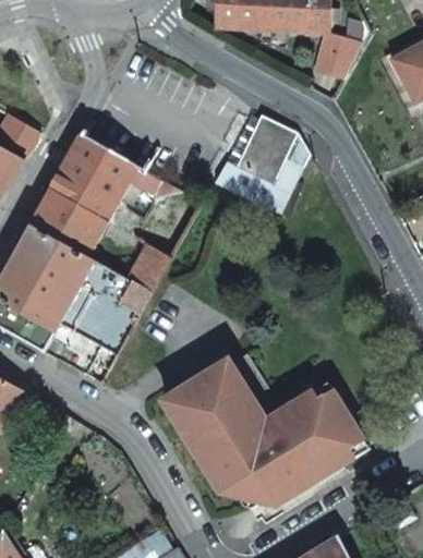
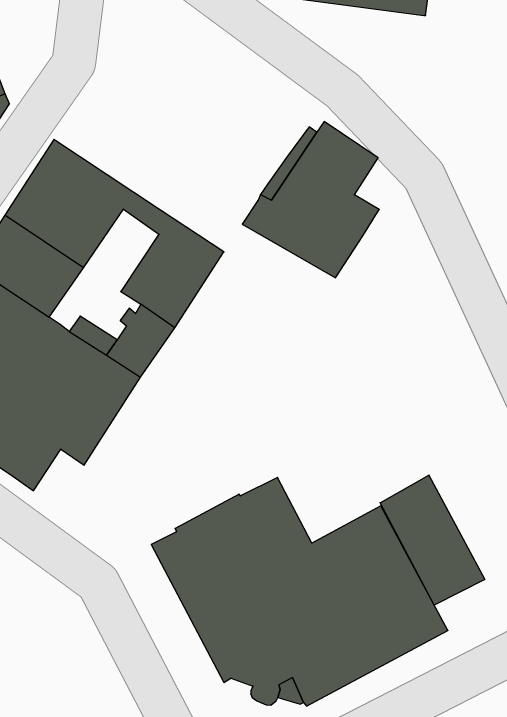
building: [314,34,359,78] -> none
building: none -> [380,475,485,605]

